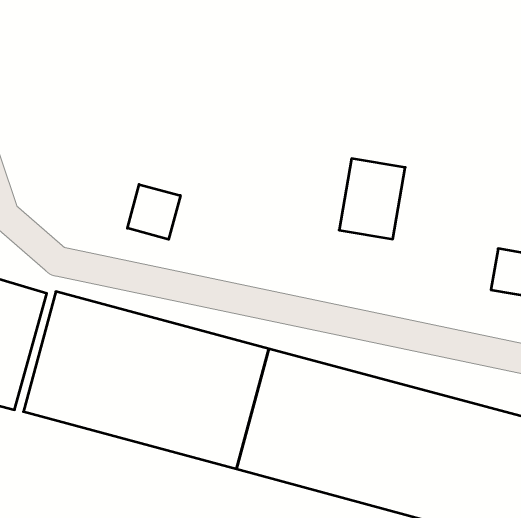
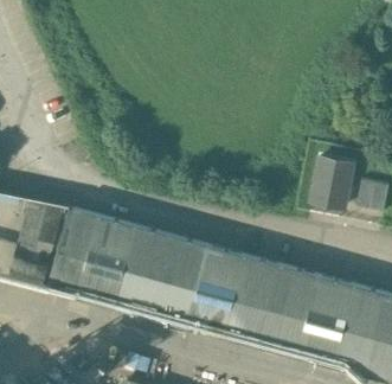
building: [339,159,405,239] -> [311,155,355,209]
building: [127,184,180,239] -> none

